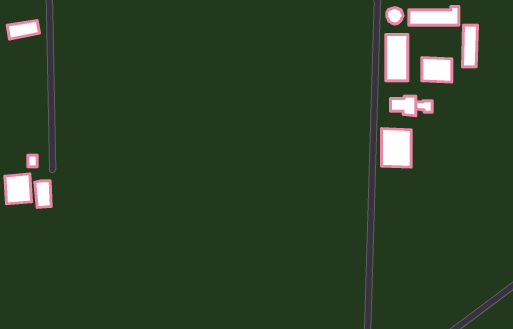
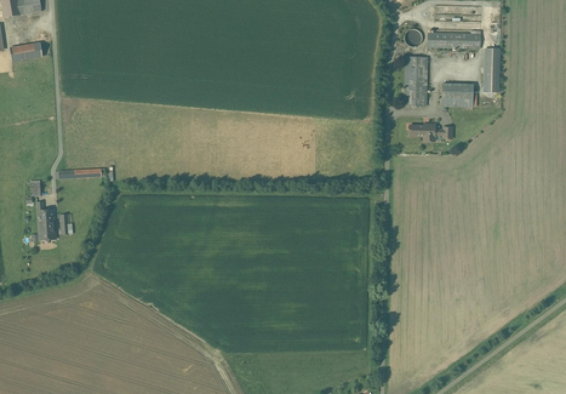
building: [382,129,411,167] -> none
building: [5,174,31,204] -> none

